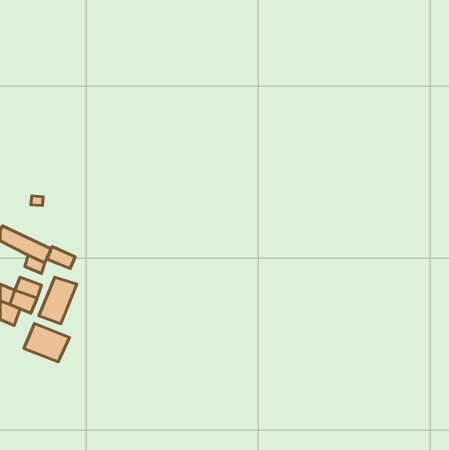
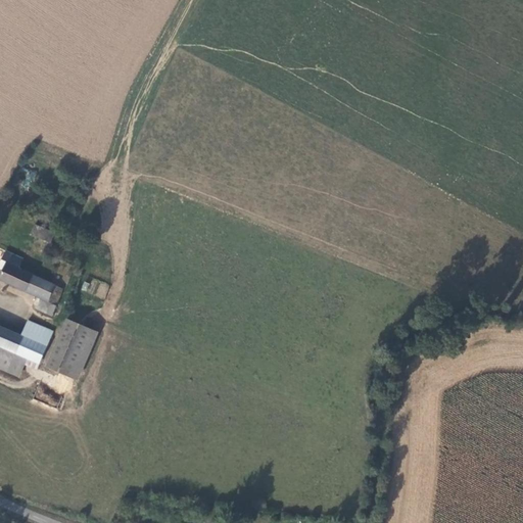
building: [47,246,75,268] -> none
building: [24,324,70,362] -> none

